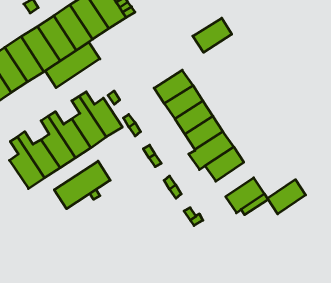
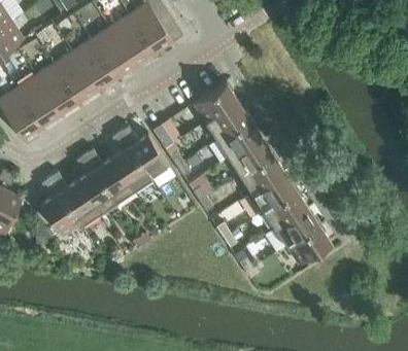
building: [193,18,232,52] -> [193,82,237,121]
building: [45,42,100,88] -> none
building: [54,161,110,209] -> none
building: [268,180,306,214] -> [275,206,318,245]

